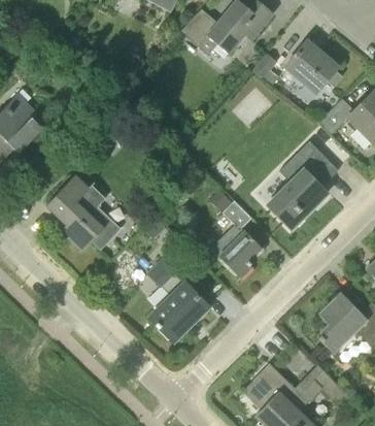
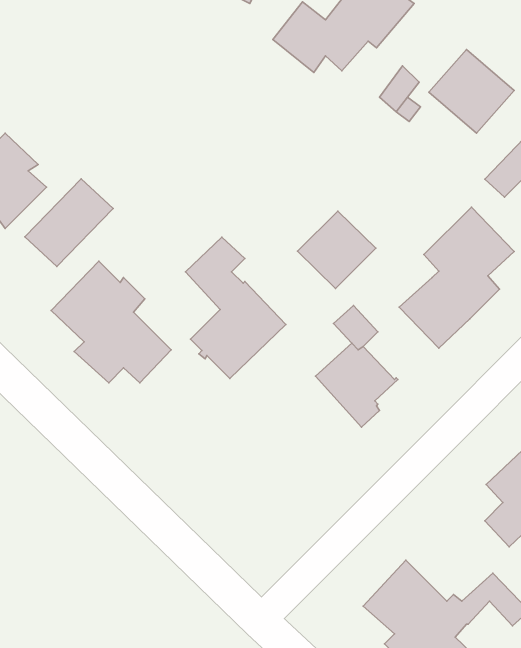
building: none -> [25,179,113,267]
building: none -> [297,211,376,288]
building: [146,252,209,340] -> [186,237,286,379]

